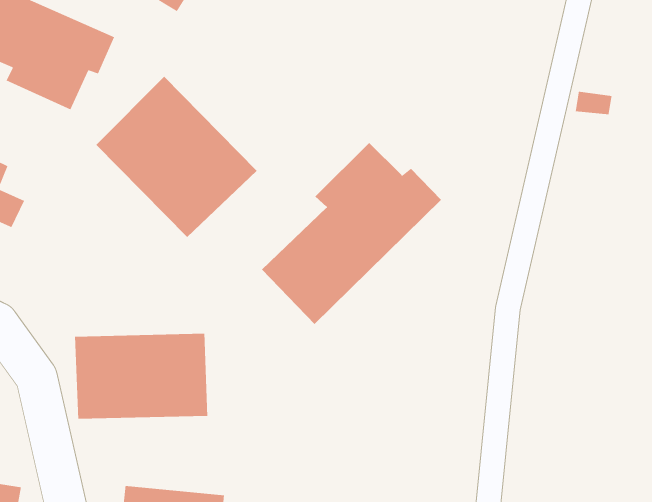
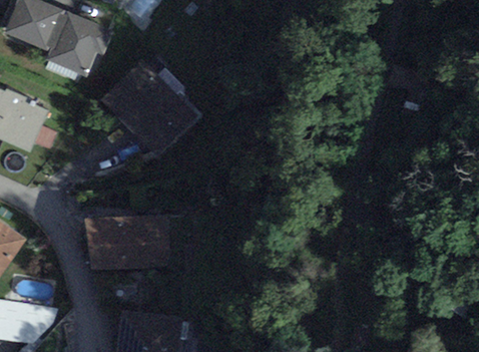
building: [261,142,442,325] -> none

